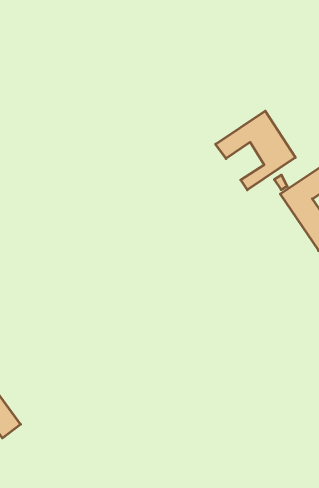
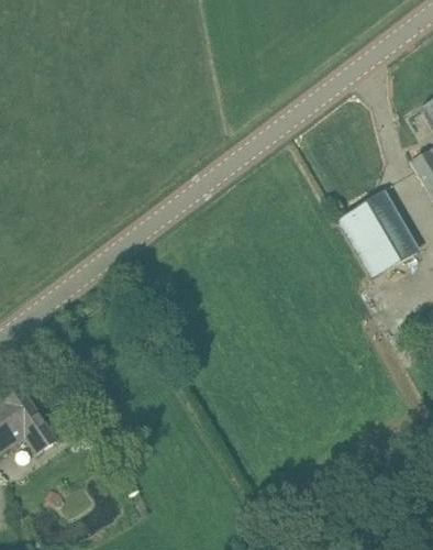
building: [216,111,295,190] -> none

